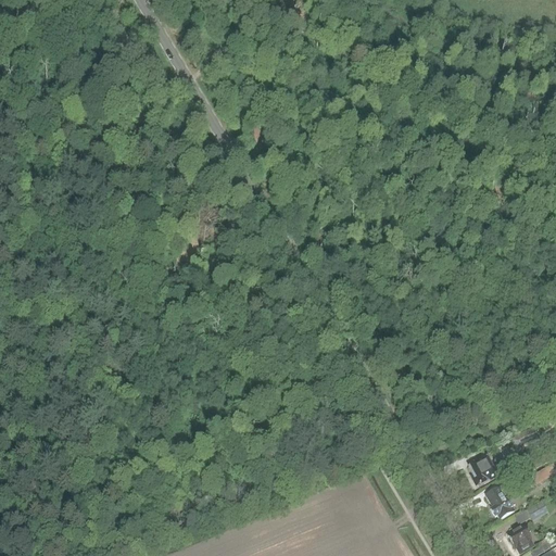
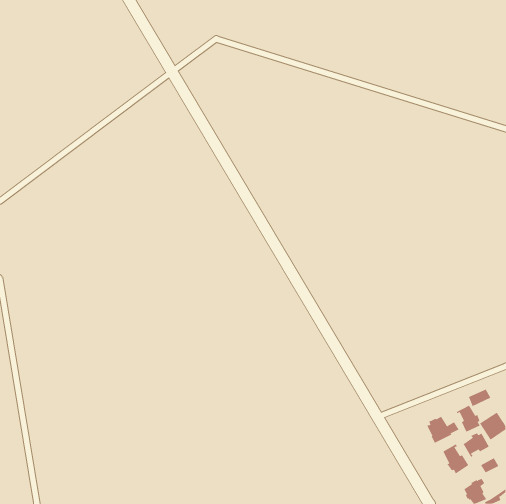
building: none -> [456,405,480,432]
building: none -> [463,432,489,458]

